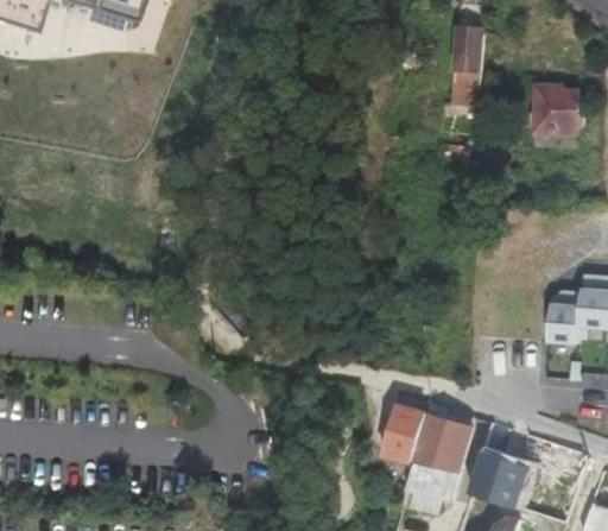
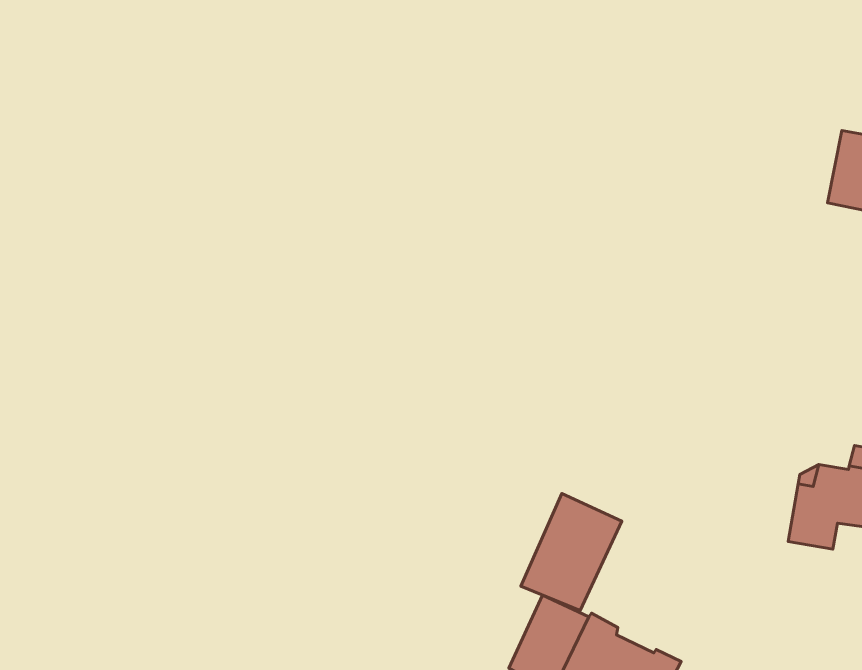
building: [451,26,482,105] -> none
building: none -> [521,494,622,611]

